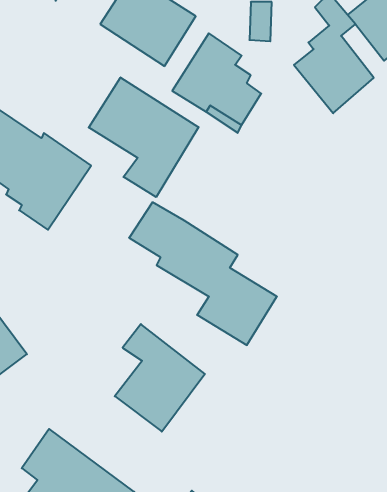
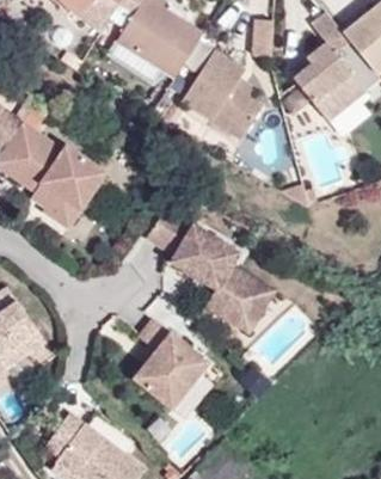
building: [89,77,199,197] -> none

